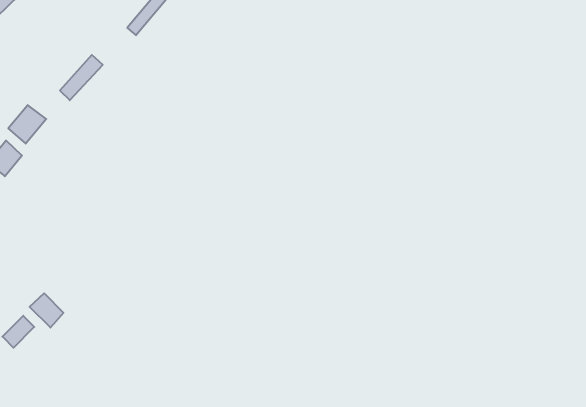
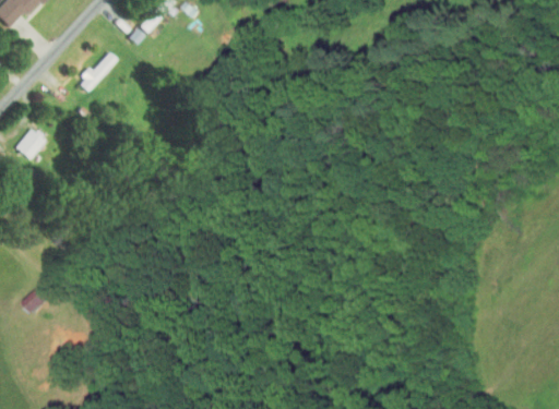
building: [8,105,46,144] -> none
building: [30,293,63,328] -> none

